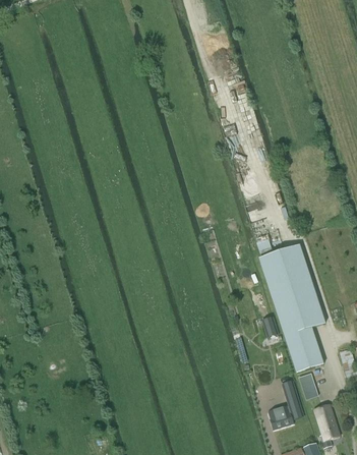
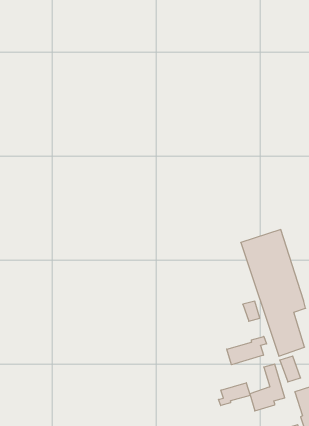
building: none -> [227,336,267,365]
building: none -> [219,383,250,406]

